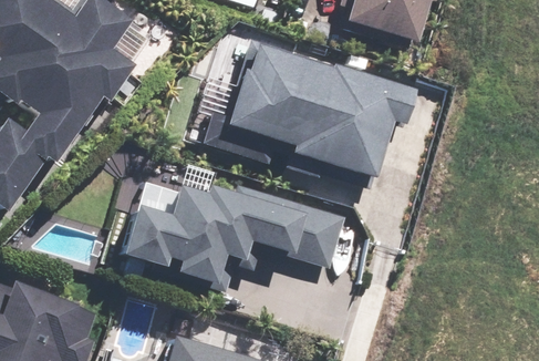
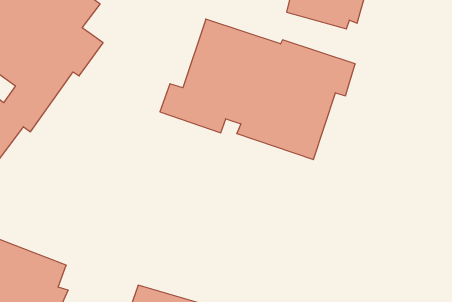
building: [124,184,342,283] -> none

